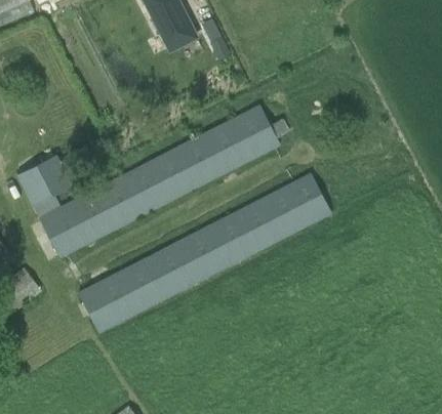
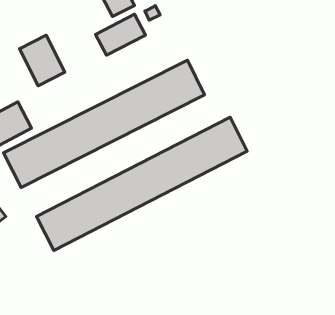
building: none -> [95,14,146,55]
building: none -> [20,35,65,86]

